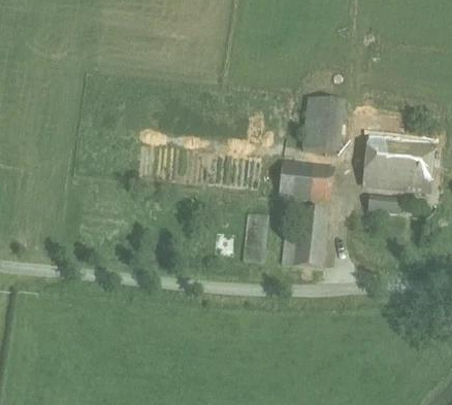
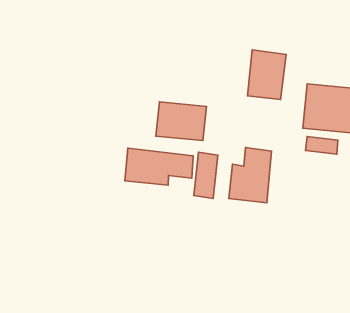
building: [278,160,334,203] -> [156,102,206,141]
building: none -> [125,148,193,185]

